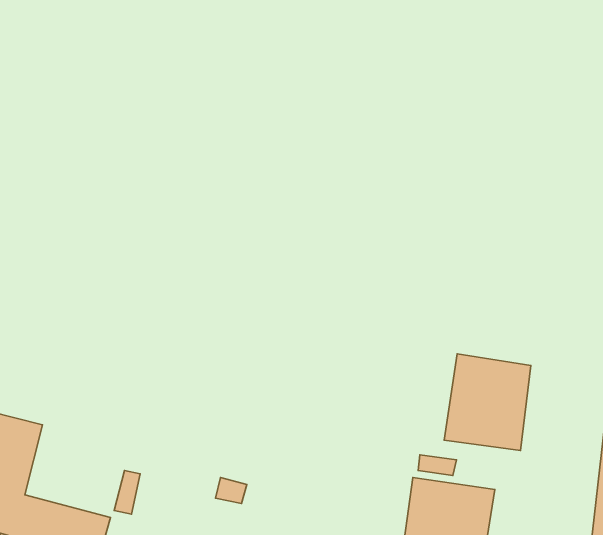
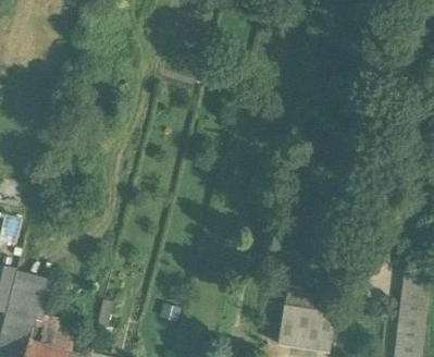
building: [444,354,531,451] -> none

